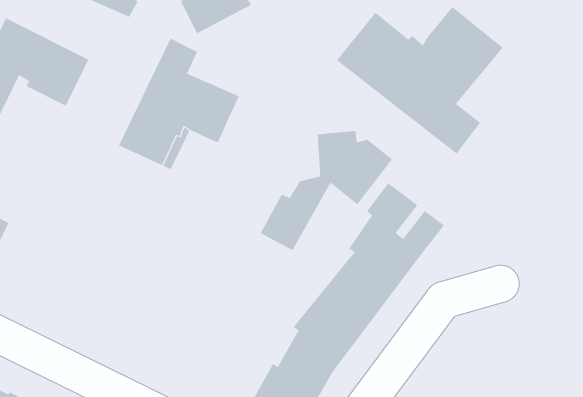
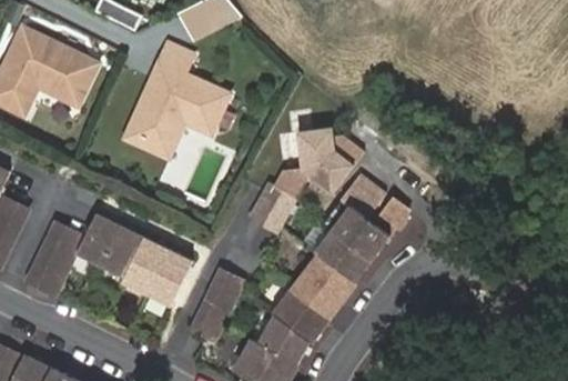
building: [336,6,504,154] -> none
building: none -> [27,213,193,305]
building: none -> [191,270,245,342]

